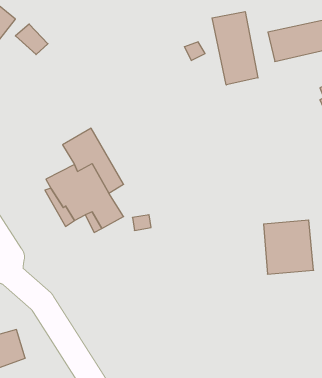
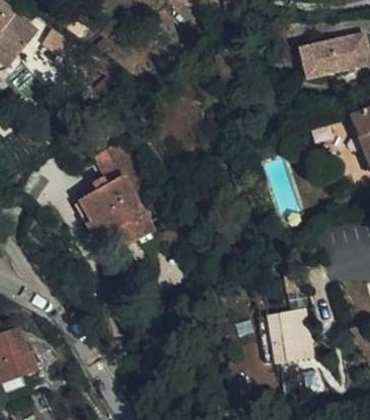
building: [212,12,258,85] -> none
building: [264,220,314,274] -> [264,309,315,364]

